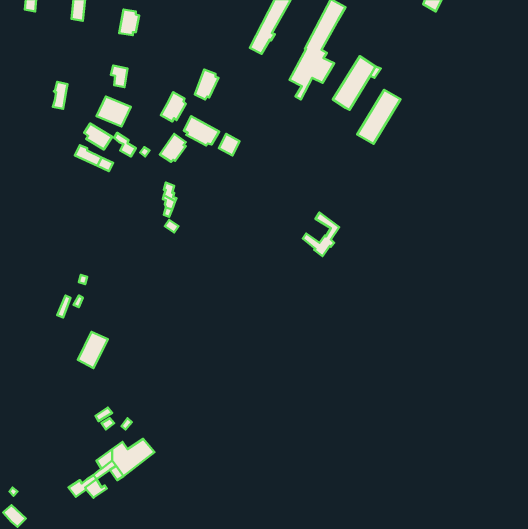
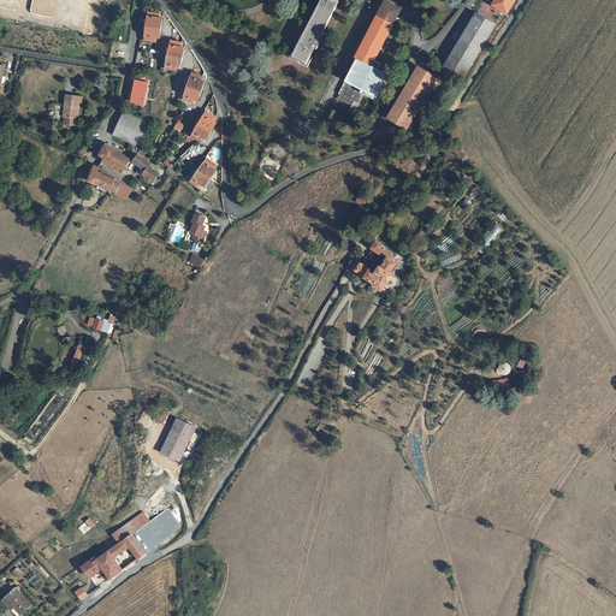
building: none -> [160,38,183,73]
building: [195,70,219,100] -> [177,72,205,107]
building: [357,90,401,144] -> [444,12,494,75]
building: [184,116,219,145] -> none
building: [78,332,108,368] -> [158,417,192,460]

